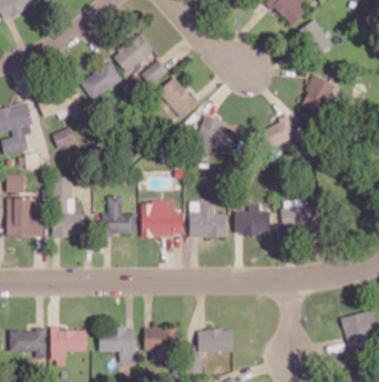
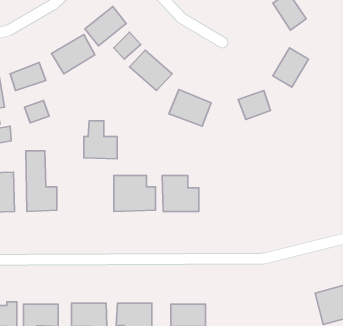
building: [102,197,135,234] -> [84,121,117,159]
building: [234,202,269,234] -> none
building: [280,205,317,229] -> none

